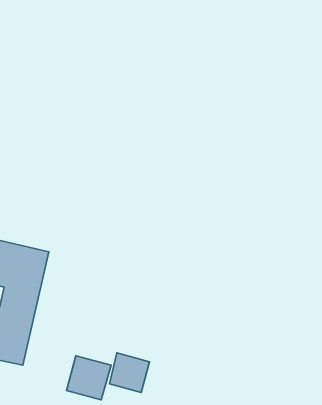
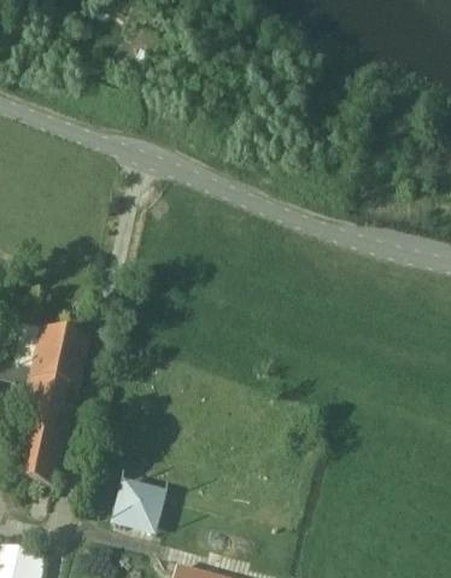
building: [109,353,149,392] -> none

